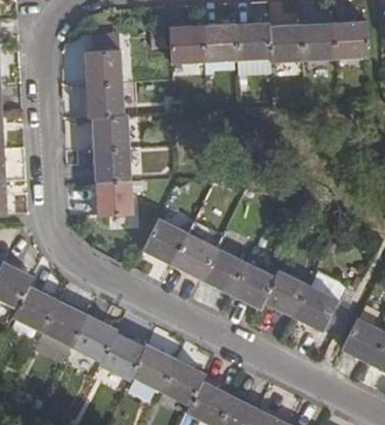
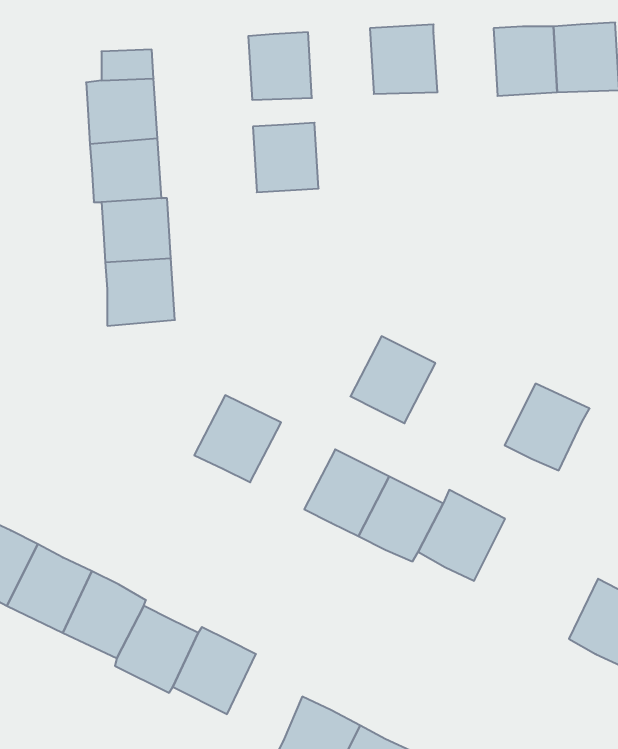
building: [202,23,237,60] -> [253,123,319,192]
building: [269,23,303,61] -> none
building: [95,178,132,214] -> none
building: [171,233,217,280] -> [350,336,435,423]
building: [291,285,336,331] -> [505,384,590,470]
building: [159,357,203,403] -> none

